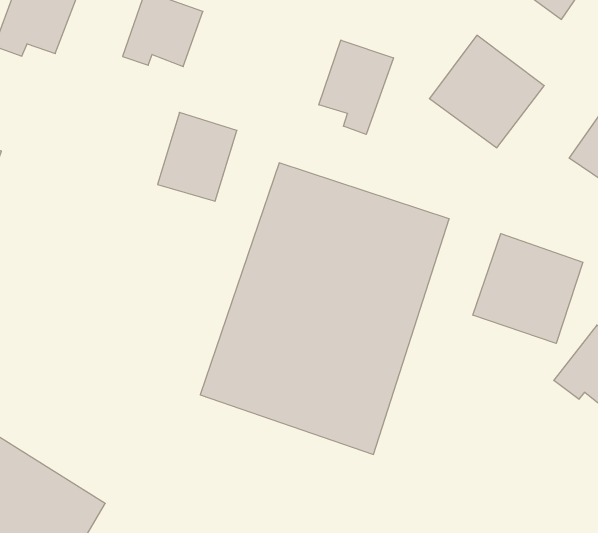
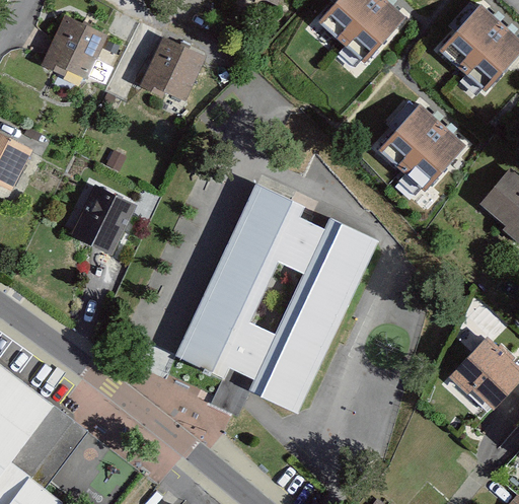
building: [319,40,393,134] -> none
building: [158,112,237,201] -> [70,181,137,254]
building: [473,234,583,343] -> none

